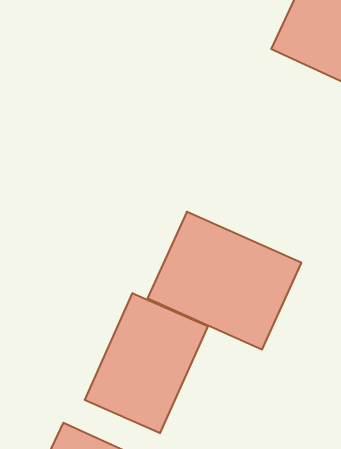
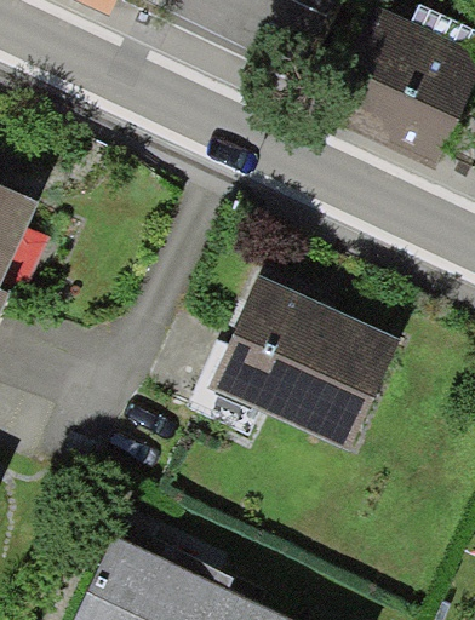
building: [85,293,208,433] -> none

